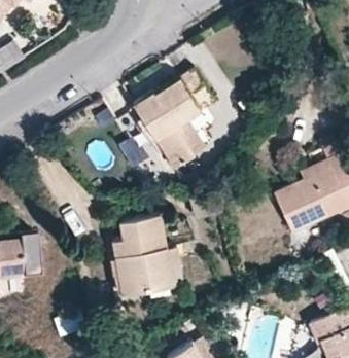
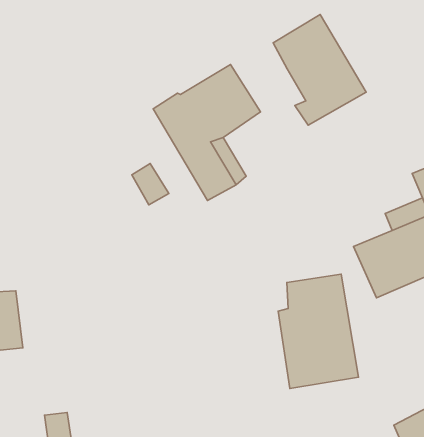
building: none -> [273,15,366,125]
building: [115,212,173,294] -> [278,274,358,388]

